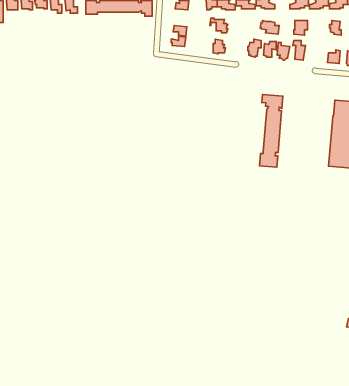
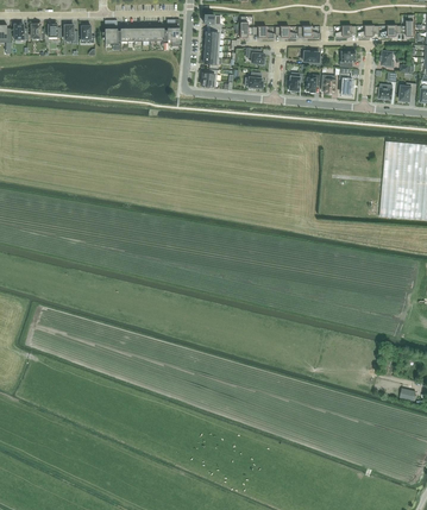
building: [259,95,283,167] -> none

